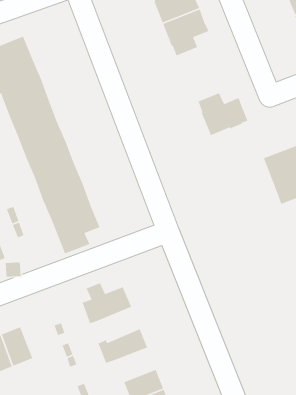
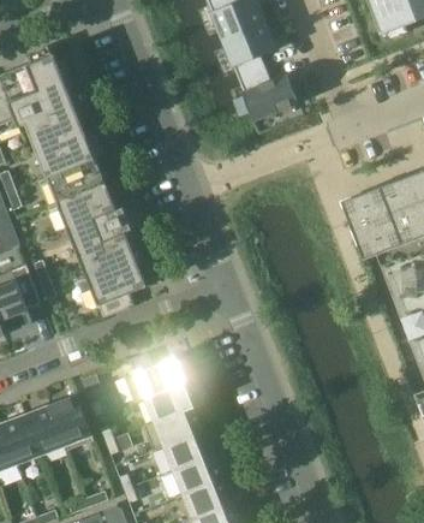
building: [198,92,248,136] -> [239,67,300,120]
building: none -> [145,381,196,423]
building: none -> [52,394,95,450]
building: none -> [165,430,215,471]

